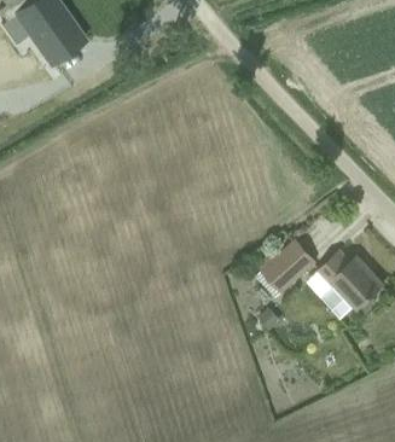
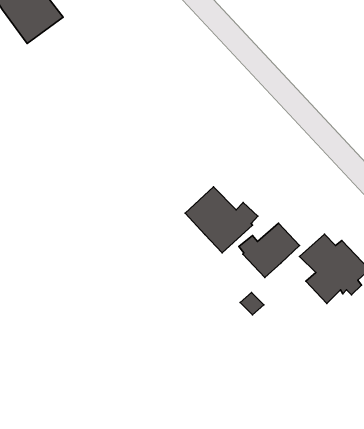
building: none -> [185,187,258,253]

